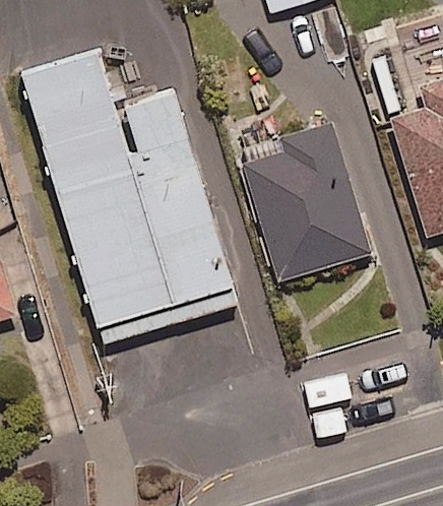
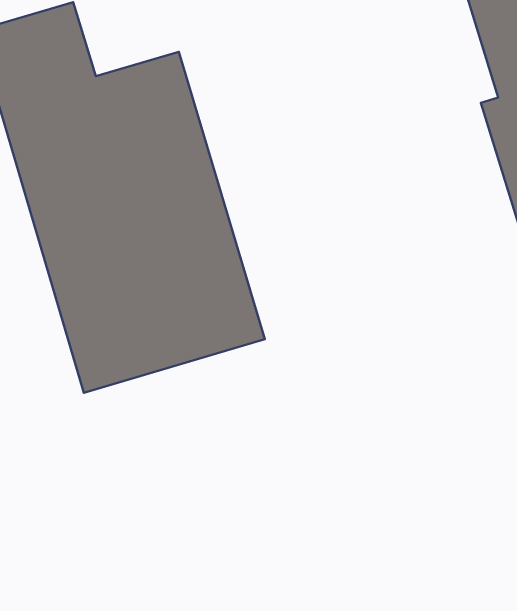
building: [247,124,372,280] -> none

